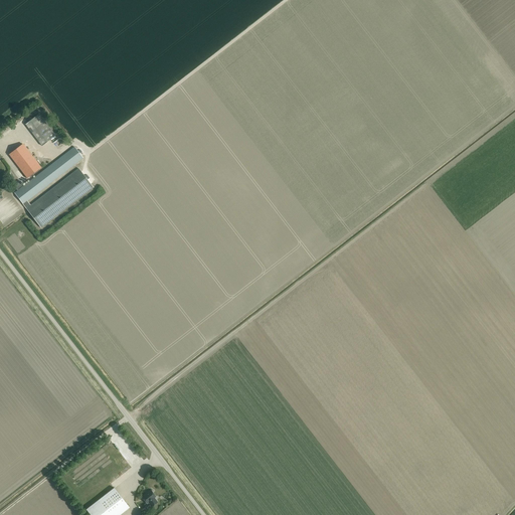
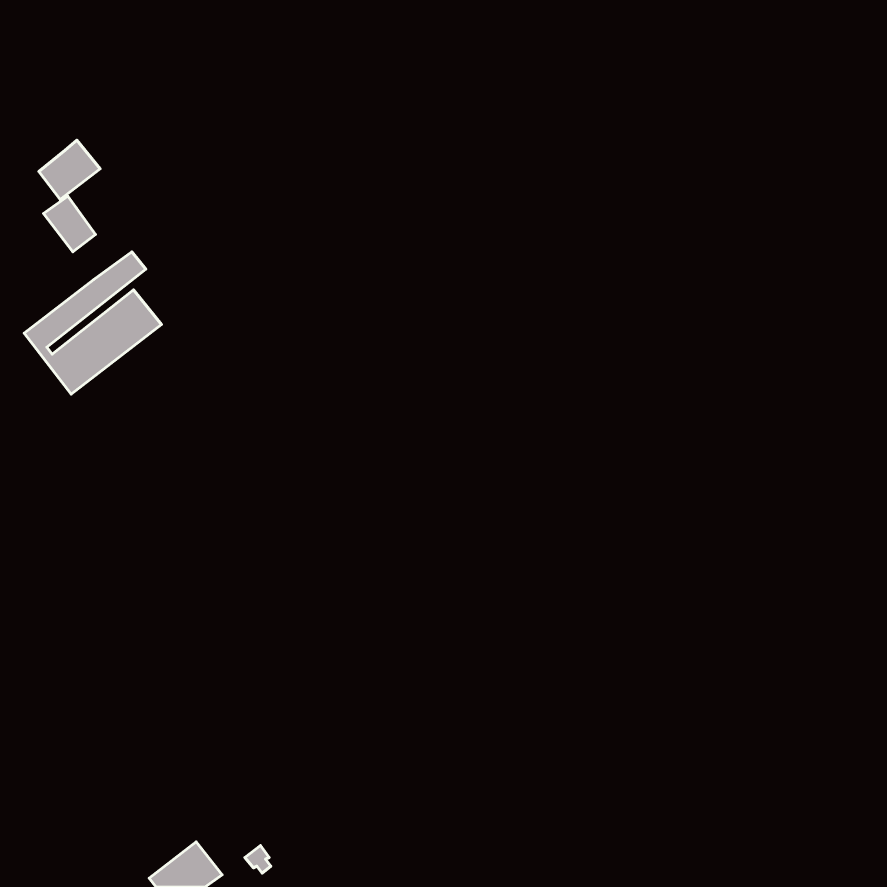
building: none -> [39,140,100,199]
building: [9,144,40,178] -> none

